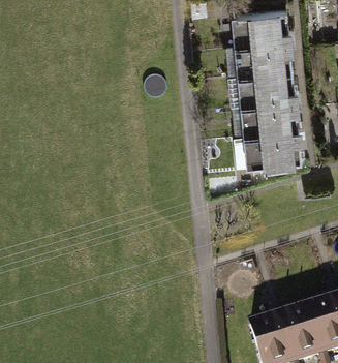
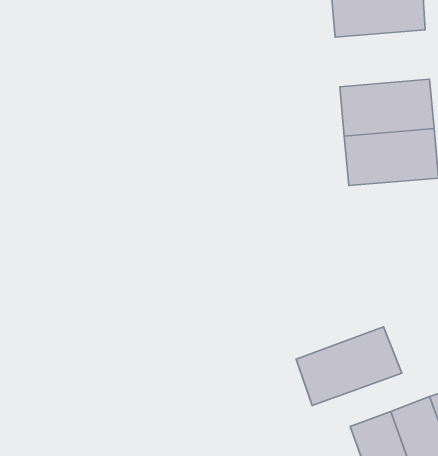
building: [238,55,303,94] -> none
building: none -> [296,327,402,405]

